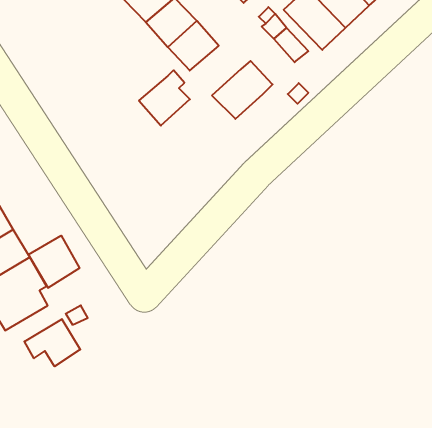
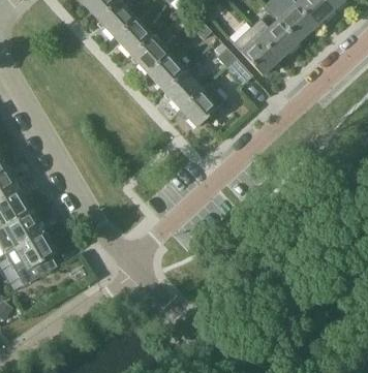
building: [139,70,190,126] -> [163,67,202,108]
building: [28,236,79,288] -> none
building: [24,319,80,366] -> none

